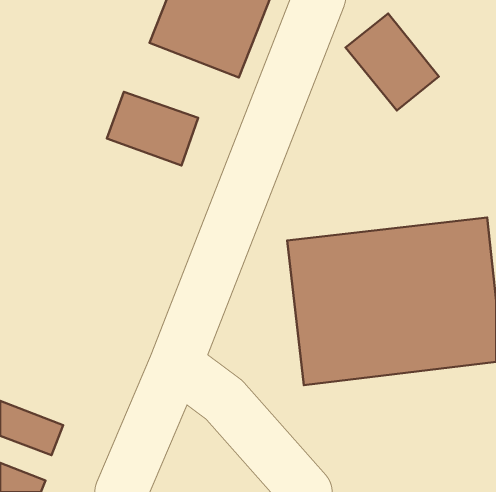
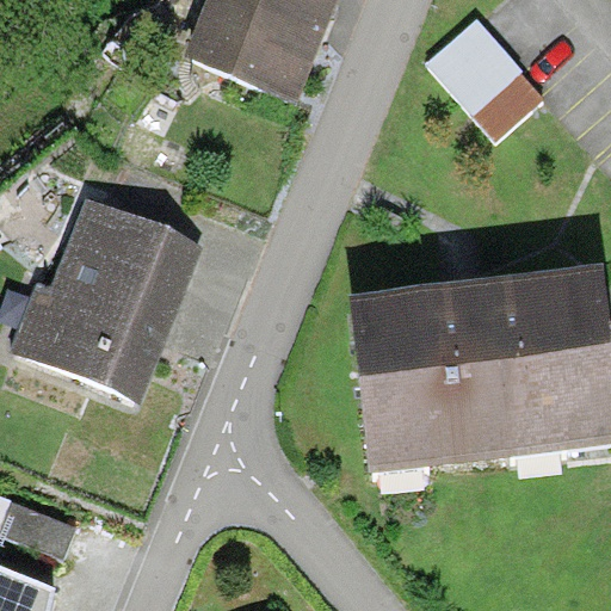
building: [107,92,198,166] -> none
building: none -> [17,202,199,400]

